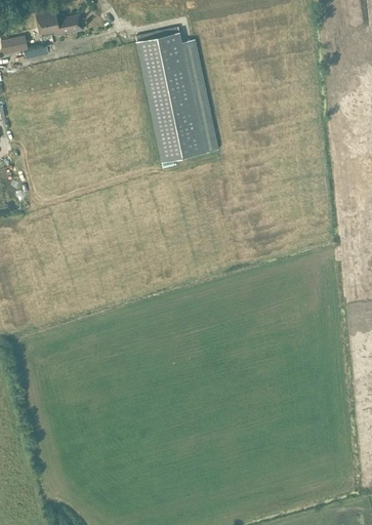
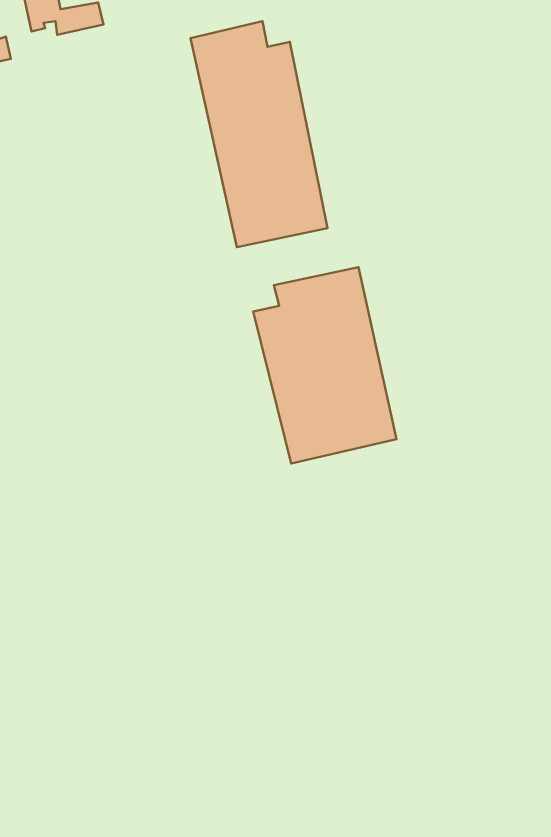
building: none -> [253,267,397,464]

